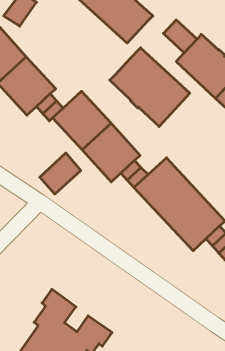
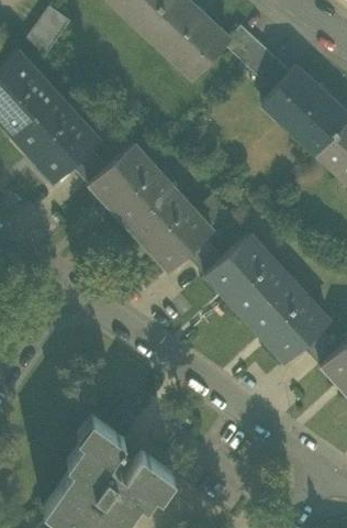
building: none -> [225,26,262,65]
building: [110,48,190,127] -> none
building: [40,153,81,194] -> none

